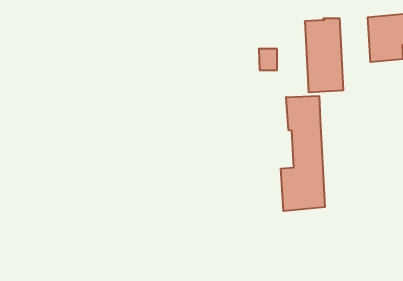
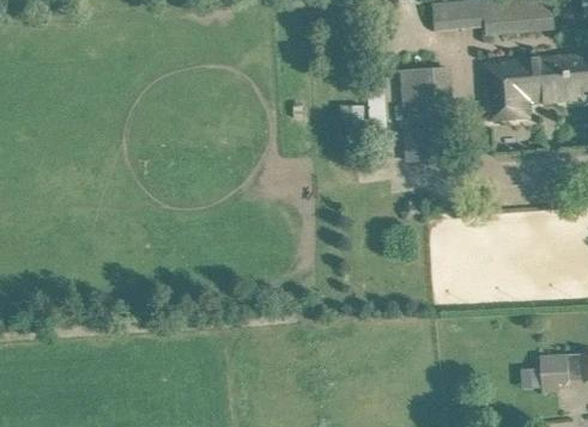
building: [281,96,325,211] -> none

